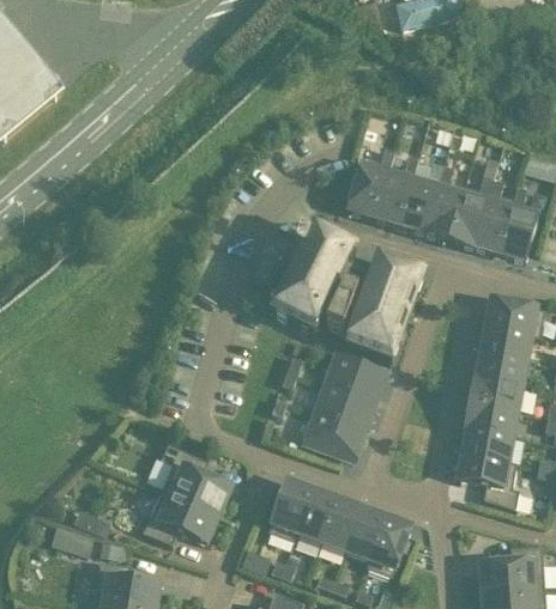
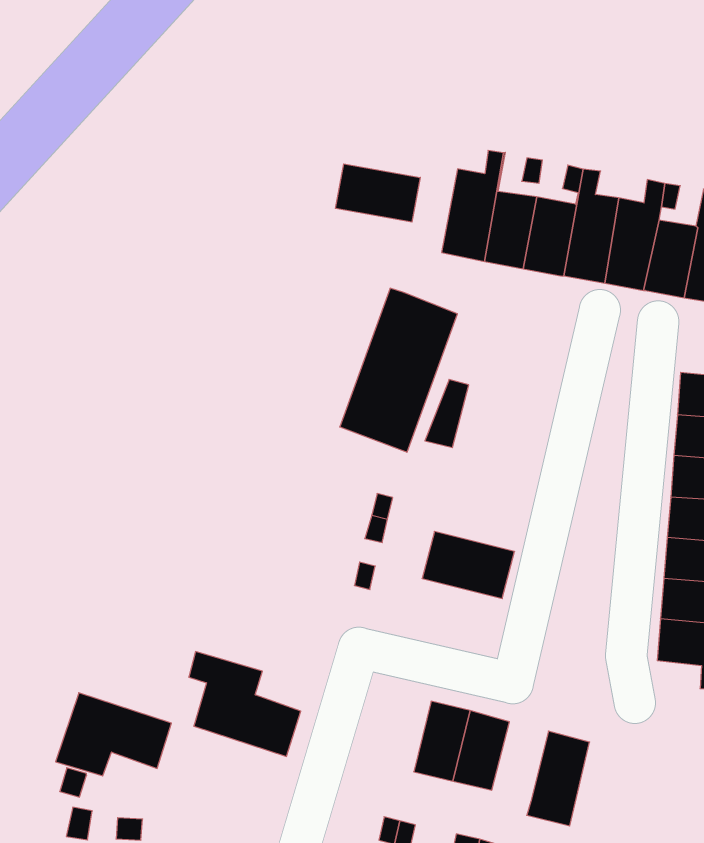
building: none -> [335,164,420,222]
building: [346,257,421,361] -> none
building: [325,354,385,401] -> none
building: [303,412,363,458] -> none
building: [267,480,312,541] -> none
building: [141,489,217,543] -> [56,693,171,776]
building: [344,507,383,559] -> none

